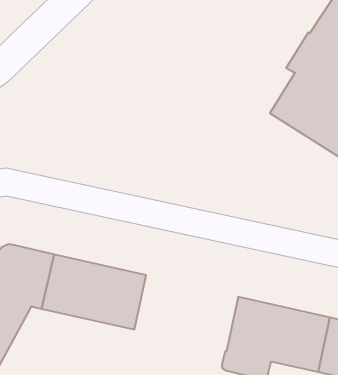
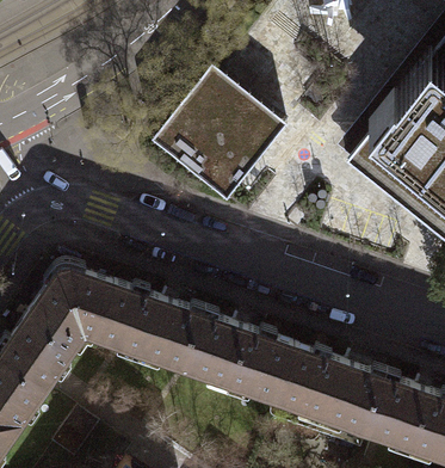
building: none -> [152,64,289,201]
building: none -> [186,313,295,399]

